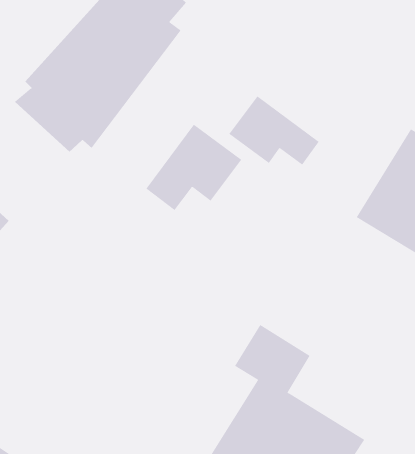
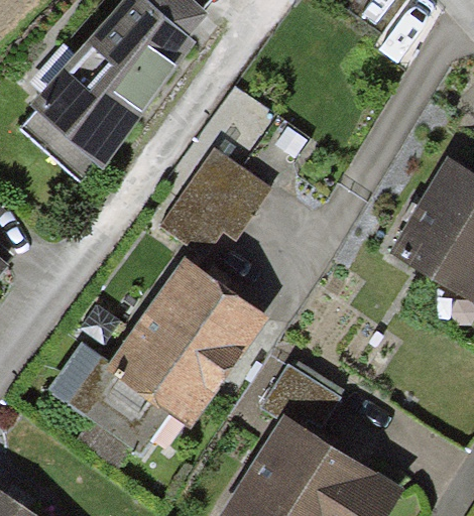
building: [229,96,320,165] -> none
building: none -> [60,258,266,439]

